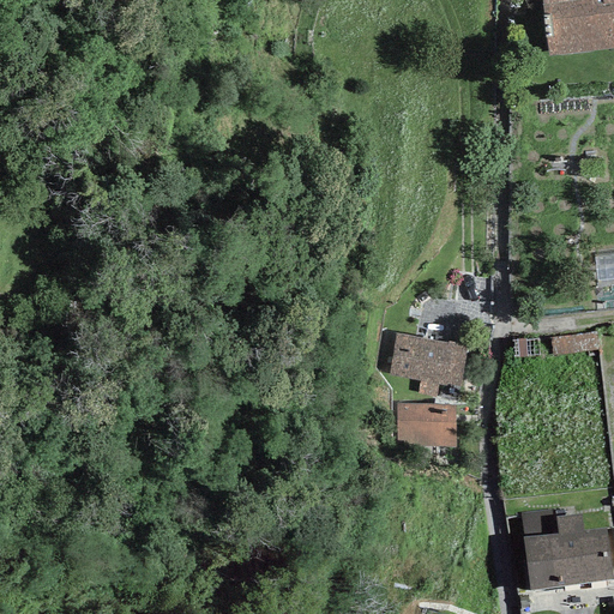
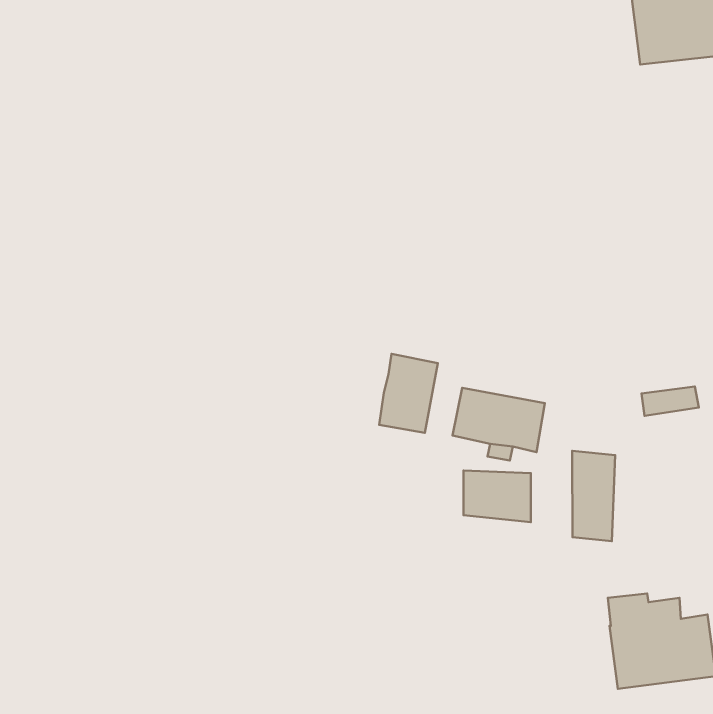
building: none -> [379,354,438,433]
building: none -> [572,451,615,541]

